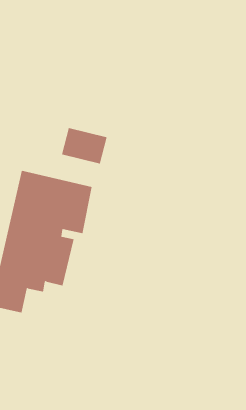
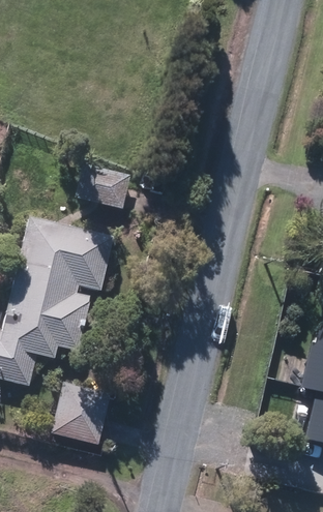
building: none -> [51,383,111,446]

